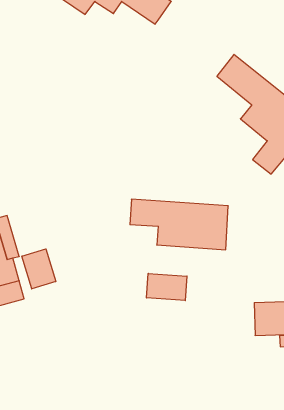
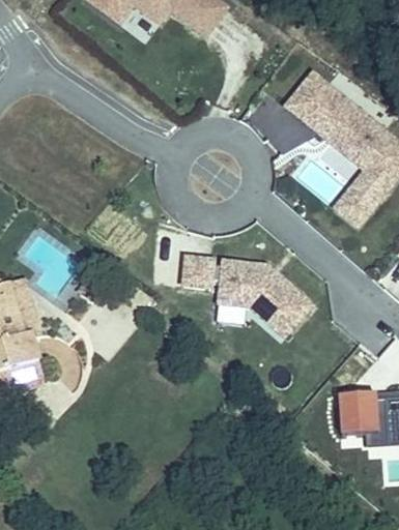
building: [22,249,56,289] -> none
building: [147,273,187,301] -> none

